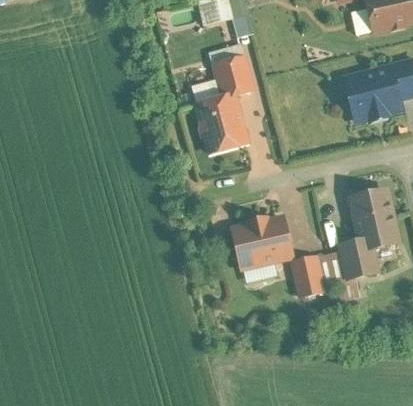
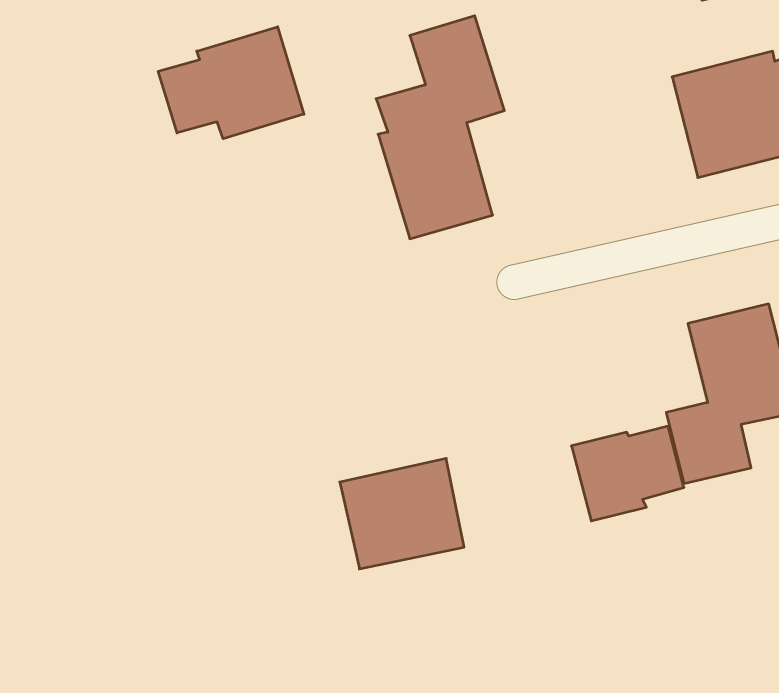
building: none -> [158,27,304,139]
building: [231,214,294,270] -> [340,458,464,569]

